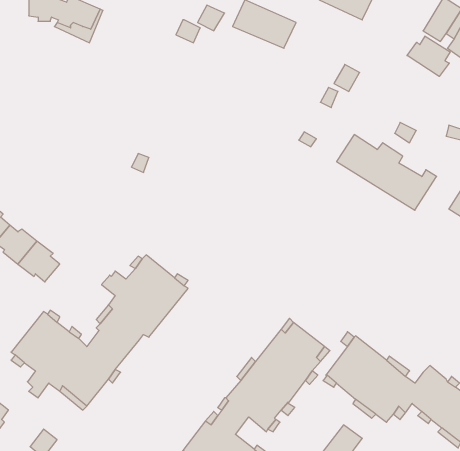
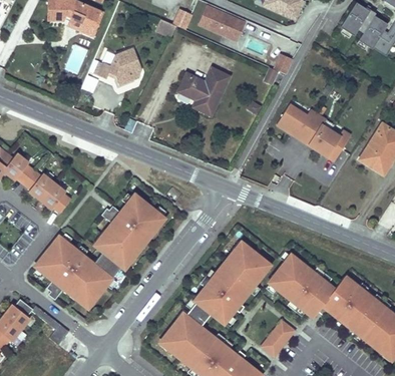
building: [407,36,450,76] -> none
building: none -> [97,47,141,83]
building: none -> [178,67,230,113]

